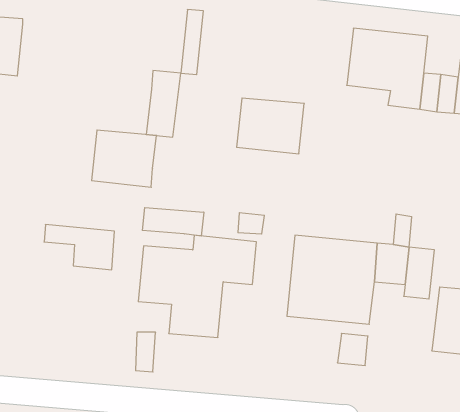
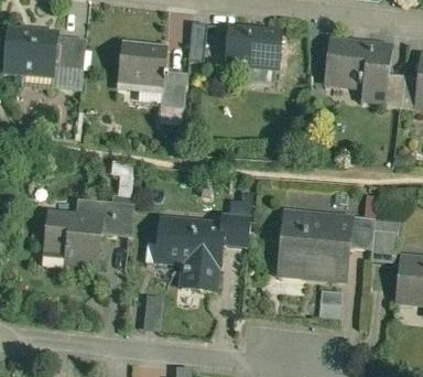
building: none -> [51,33,83,89]
building: [237,98,304,154] -> [225,24,281,71]
building: [92,130,157,187] -> [113,40,167,87]
building: [142,208,204,236] -> none
building: none -> [42,211,99,268]

